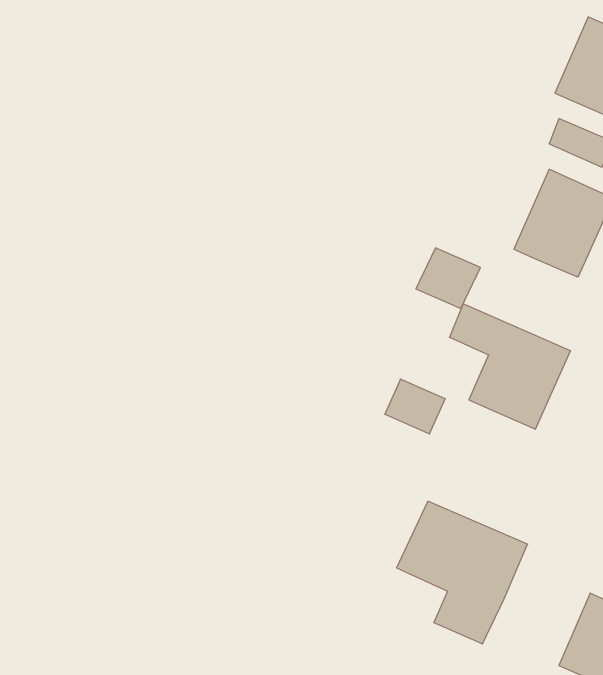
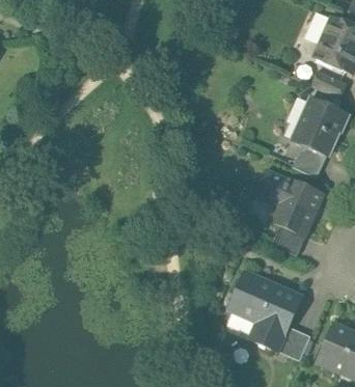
building: [416,248,480,309] -> [292,144,326,176]
building: [385,379,445,434] -> [272,225,304,254]
building: none -> [276,326,310,360]

